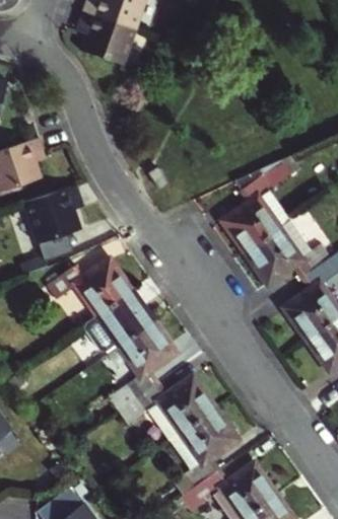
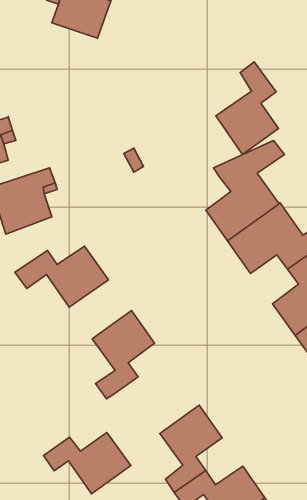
building: none -> [216,62,279,154]
building: [84,290,154,349] -> none
building: [136,376,217,433] -> [43,433,131,494]

